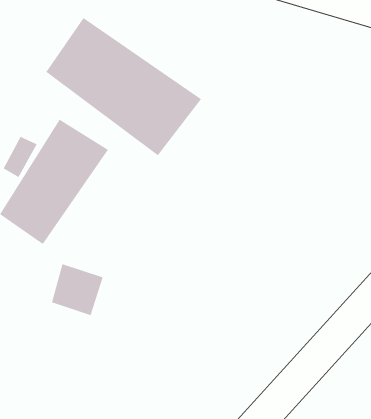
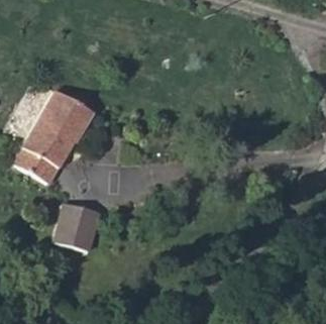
building: [46,17,202,156] -> none

